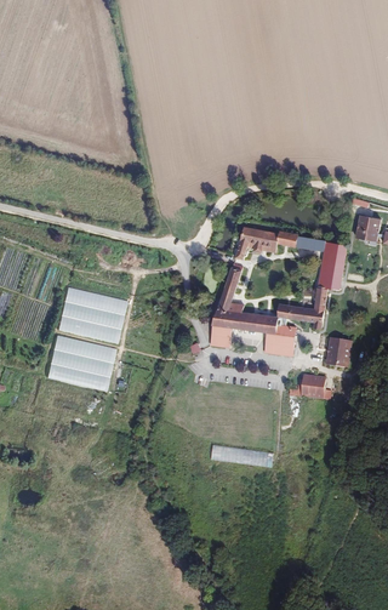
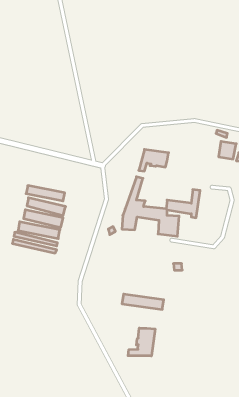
building: [278,232,348,291] -> none
building: [325,338,353,367] -> none
building: [301,375,331,400] -> none
building: none -> [128,328,155,356]

